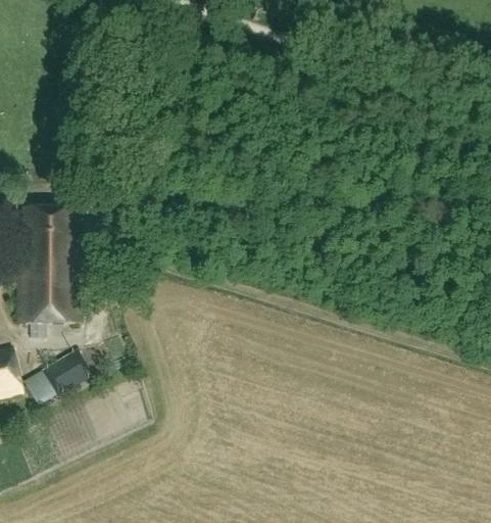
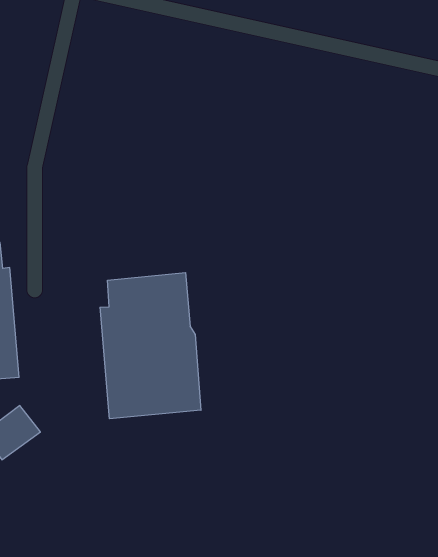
building: none -> [100,273,201,419]

